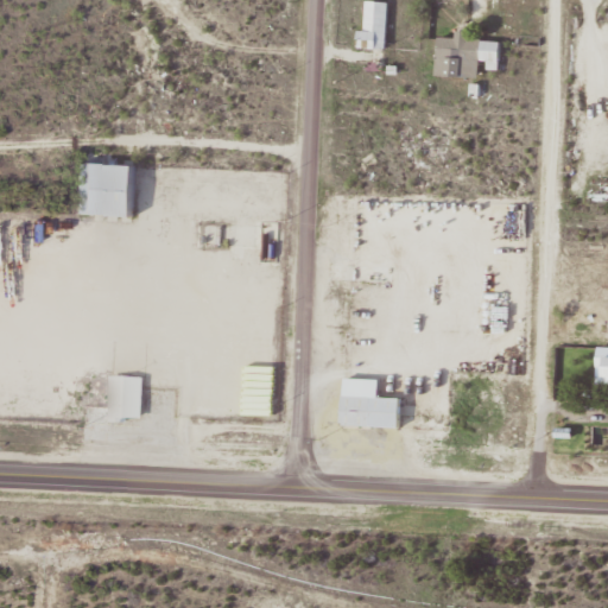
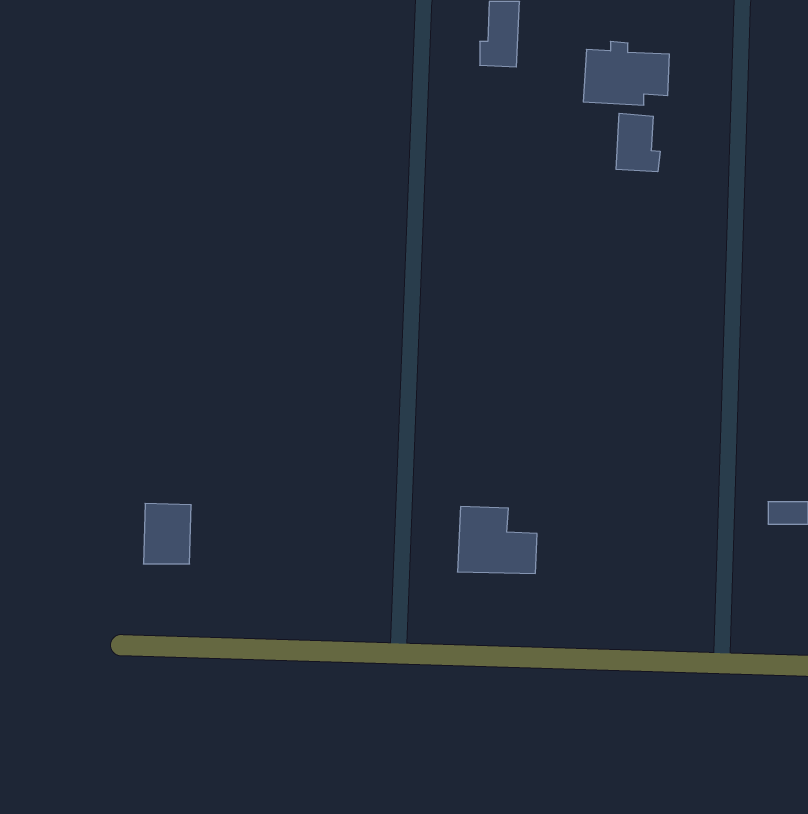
building: none -> [616,113,660,172]
building: [72,164,133,216] -> none

